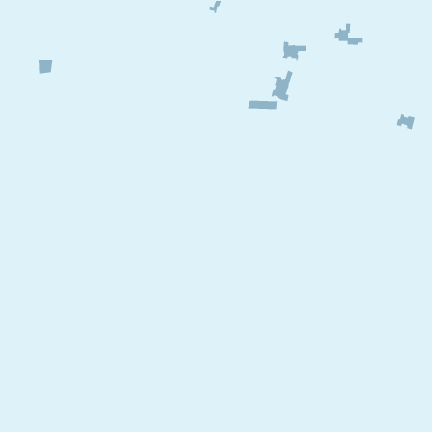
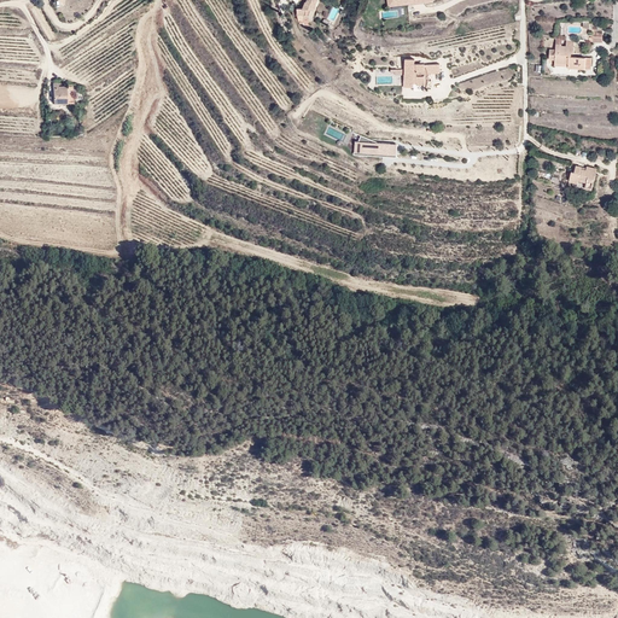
building: [333,23,363,46] -> [550,35,593,68]
building: [271,69,294,102] -> none

